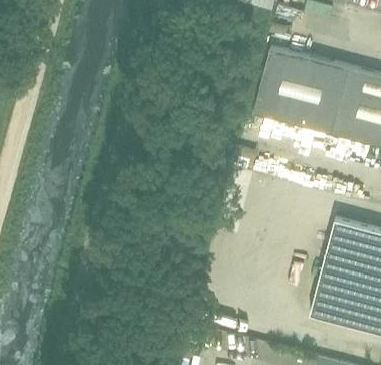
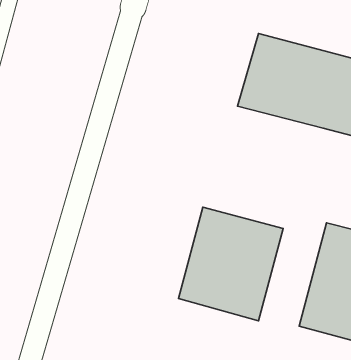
building: none -> [179,207,283,321]

